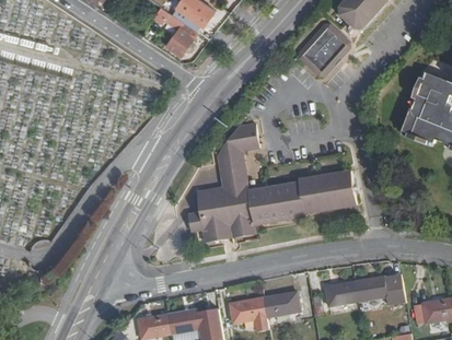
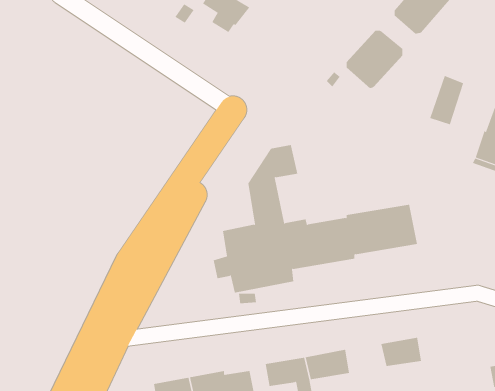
building: [169,22,199,52] -> none
building: none -> [430,75,464,125]
building: [355,274,405,303] -> none

